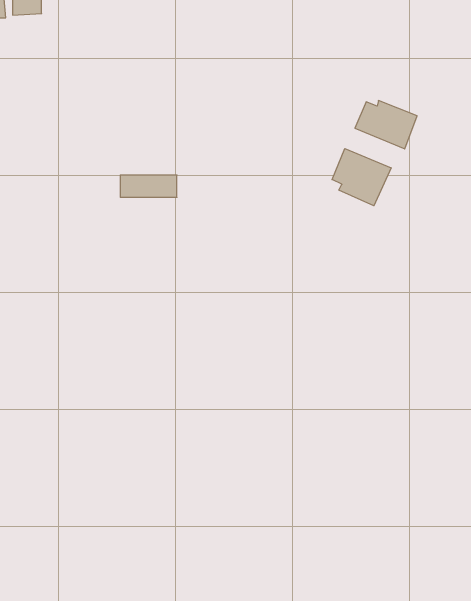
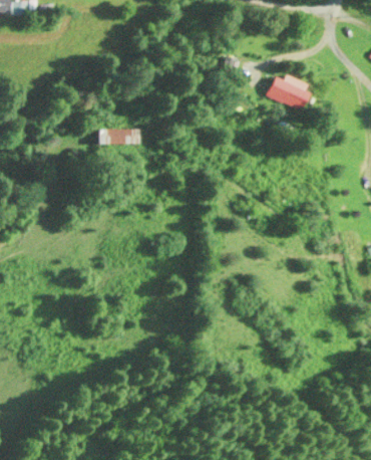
building: [332,149,391,206] -> none

